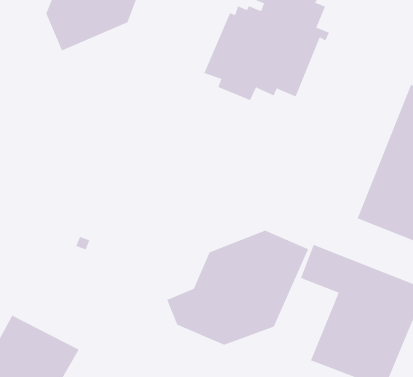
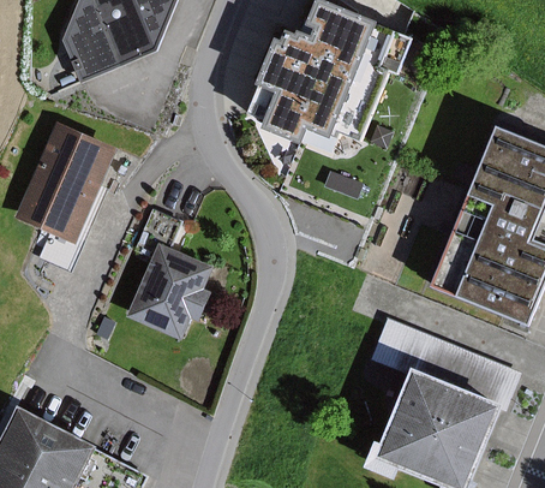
building: none -> [11,120,115,272]
building: none -> [121,208,210,340]
building: [167,230,309,345] -> none

